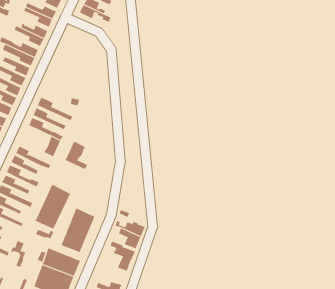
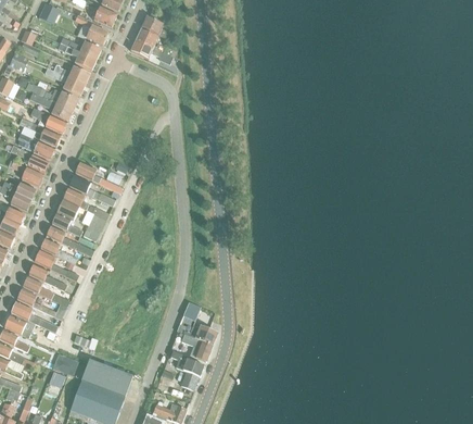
building: [65,141,88,170] -> [52,199,82,237]
building: [35,184,71,230] -> none
building: [61,207,95,253] -> none

